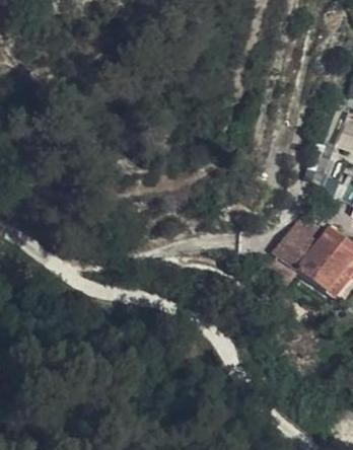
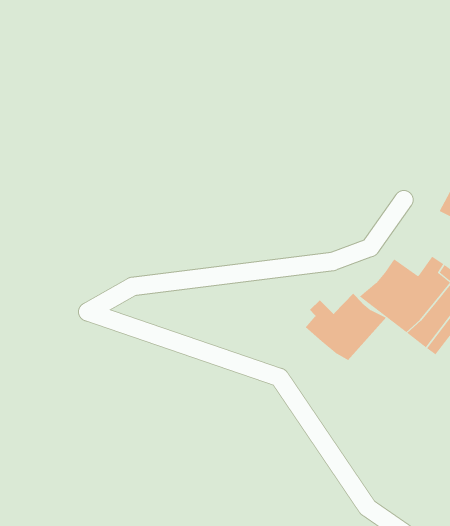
building: none -> [305,293,387,361]

